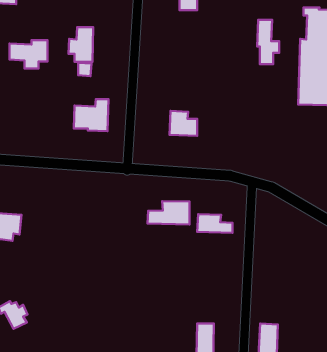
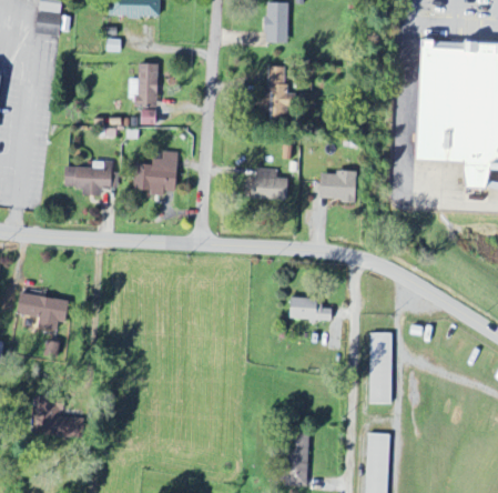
building: [257,20,279,64] -> [267,66,295,121]
building: [9,40,48,69] -> [64,161,112,197]
building: none -> [321,170,355,200]
building: [148,201,189,225] -> none
building: none -> [368,333,393,403]

